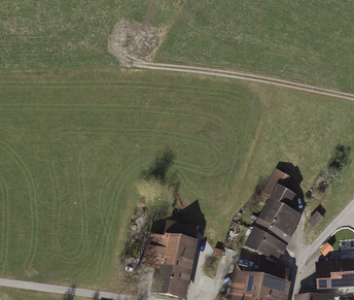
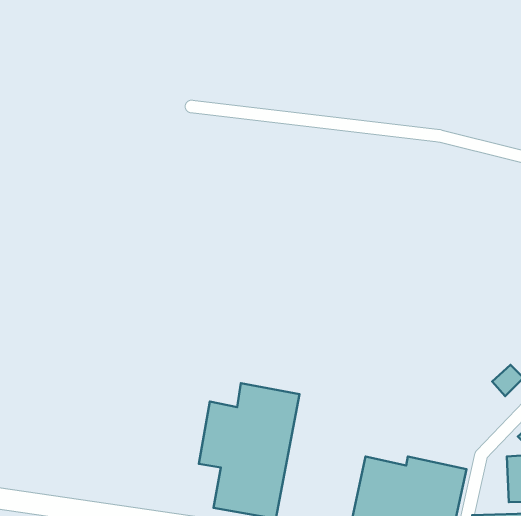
building: [244,169,300,262] -> none

